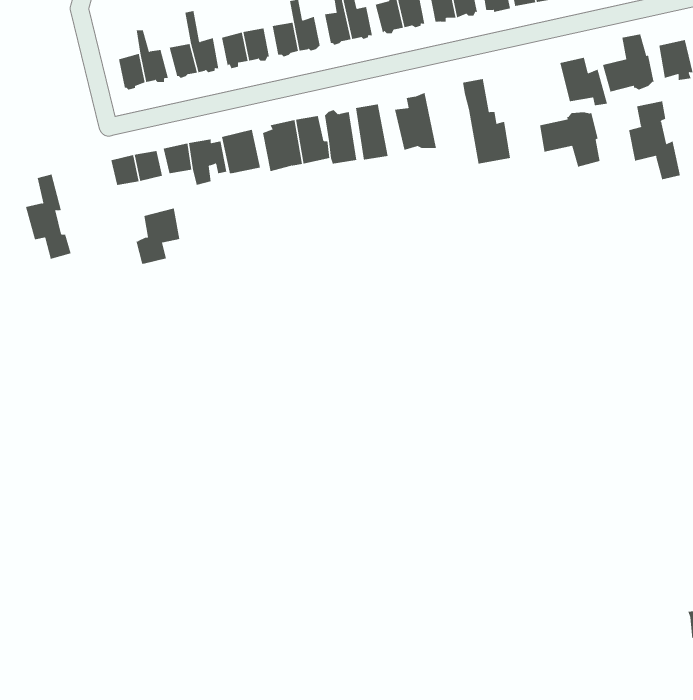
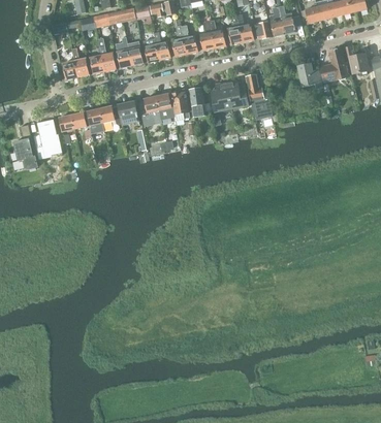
building: none -> [226,78,249,110]
building: [628,100,680,180] -> none
building: [540,111,600,167] -> none
building: [136,208,180,264] -> [33,118,57,148]

